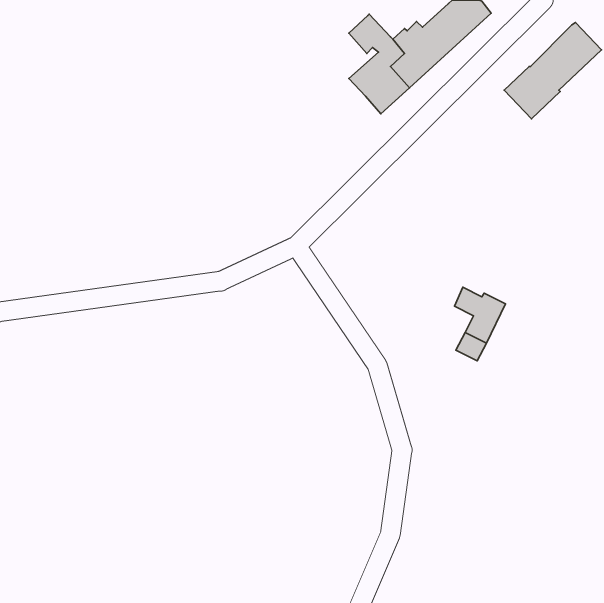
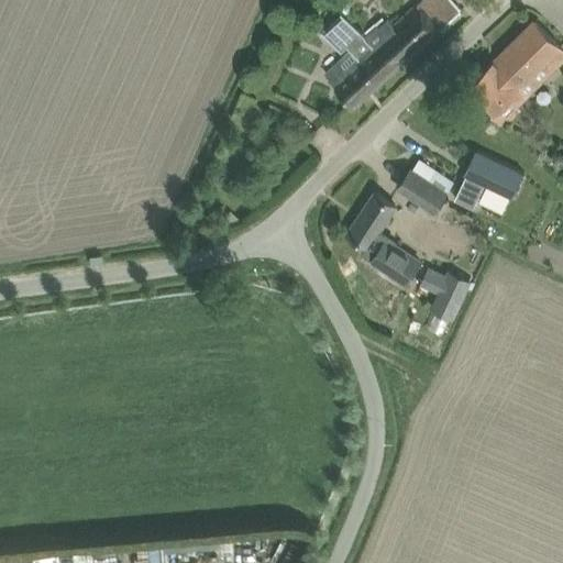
building: none -> [453,153,522,210]
building: none -> [397,168,445,210]
building: none -> [346,195,422,285]

